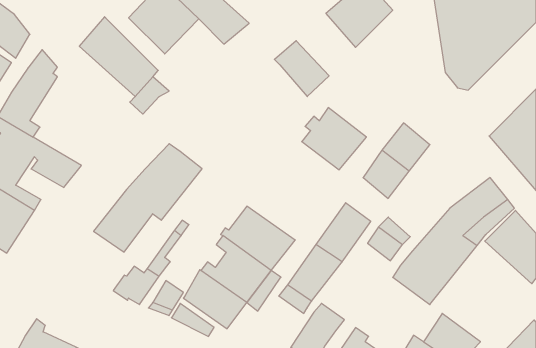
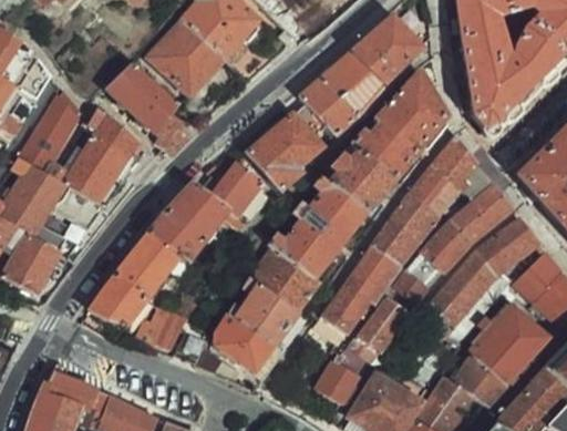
building: none -> [322,51,382,114]
building: none -> [350,70,444,176]
building: none -> [247,103,333,189]
building: none -> [56,104,147,205]
building: none -> [431,133,475,184]
building: none -> [205,162,266,218]
building: none -> [268,176,365,276]
building: none -> [421,183,511,270]
building: none -> [372,217,415,261]
building: none -> [91,271,148,321]
building: none -> [348,295,411,361]
building: none -> [470,305,550,383]

